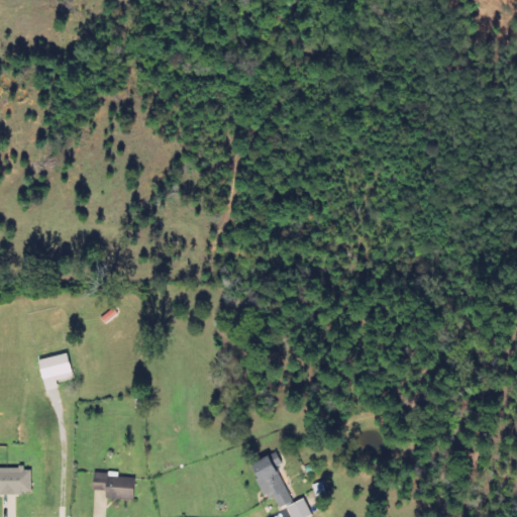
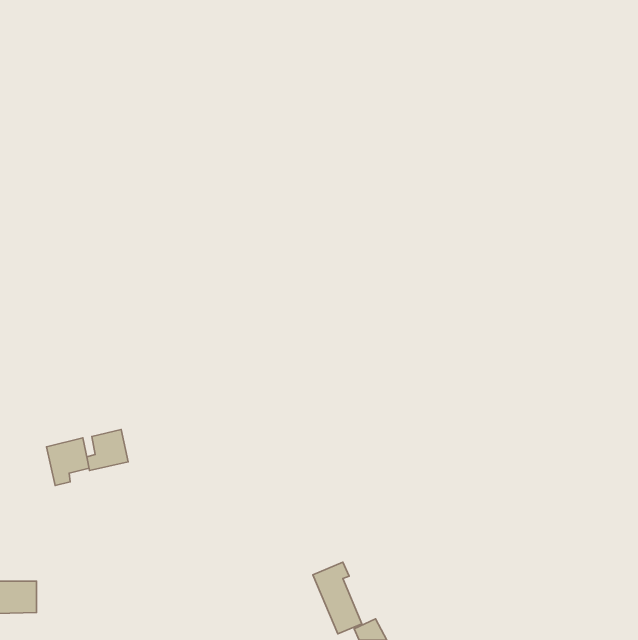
building: none -> [87,429,128,470]
building: [92,472,133,499] -> none

